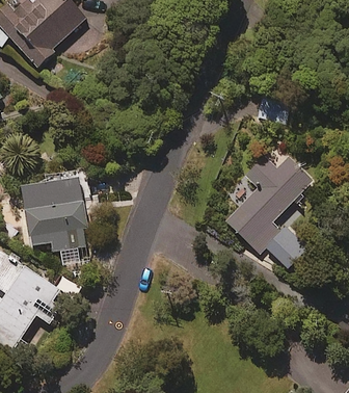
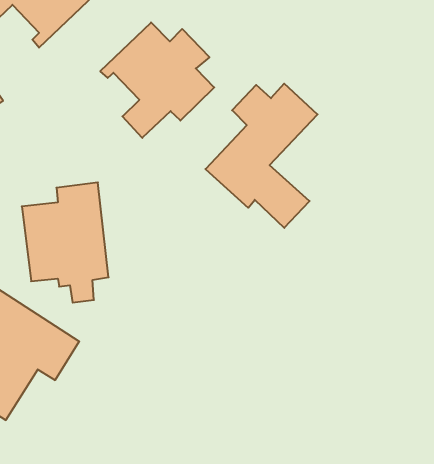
building: none -> [100,22,214,138]
building: [225,154,313,266] -> [205,84,318,228]

